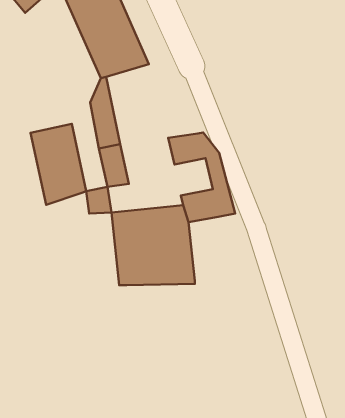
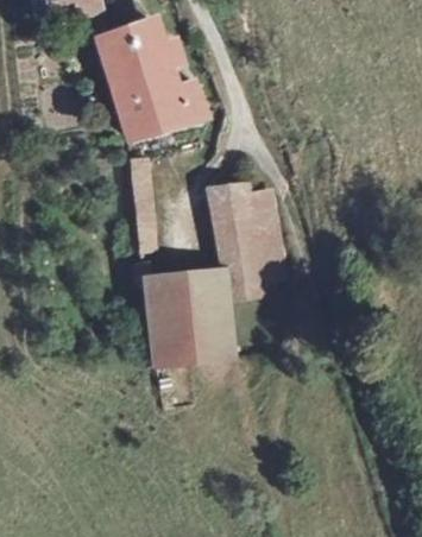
building: [30,124,86,205] -> none
building: none -> [216,214,259,255]

